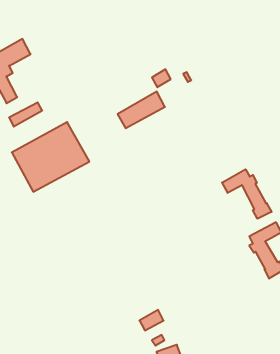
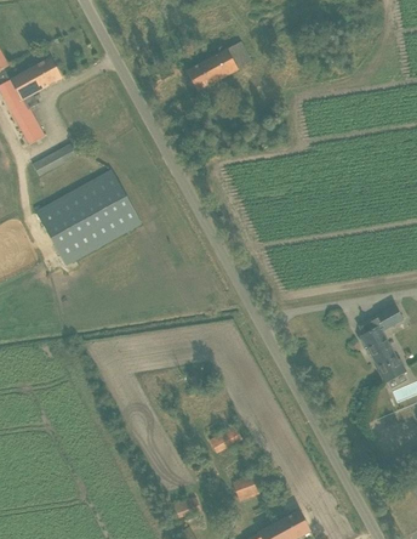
building: [118,92,165,128] -> [187,41,251,91]
building: [222,169,272,219] -> none

